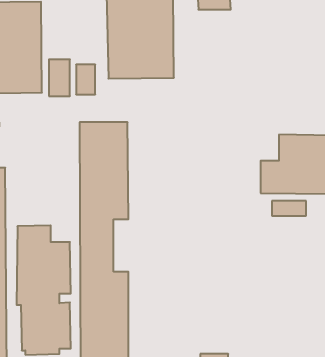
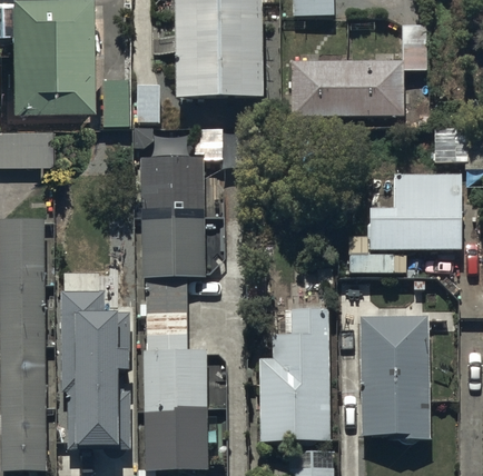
building: none -> [290,59,412,115]
building: none -> [262,308,328,444]
building: none -> [361,315,431,443]

